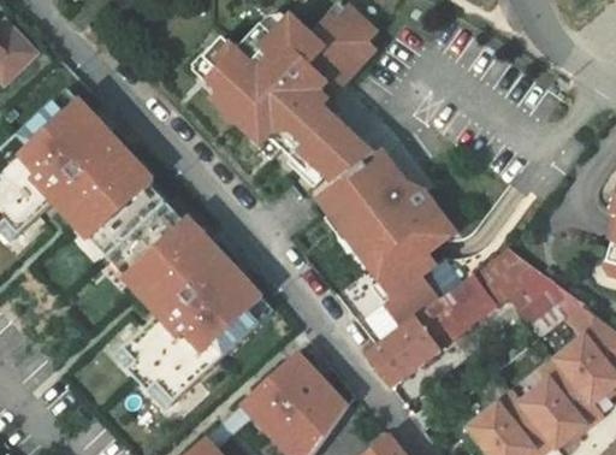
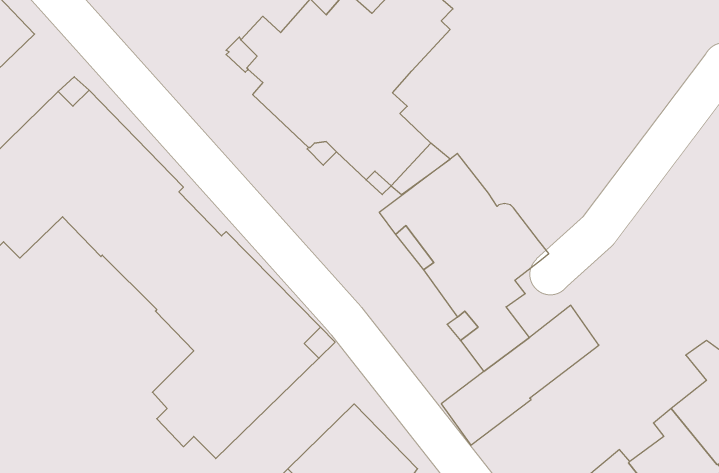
building: [472,247,582,335] -> none

